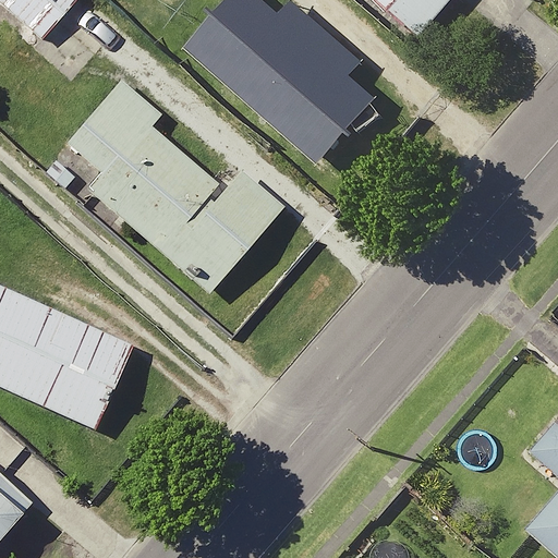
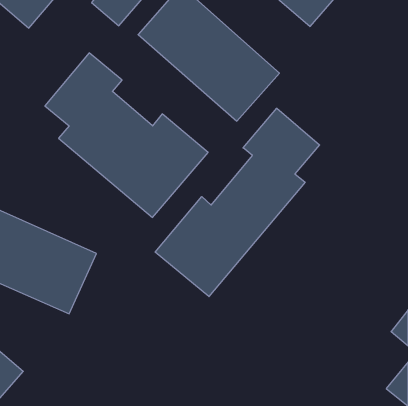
building: none -> [155,108,320,297]

